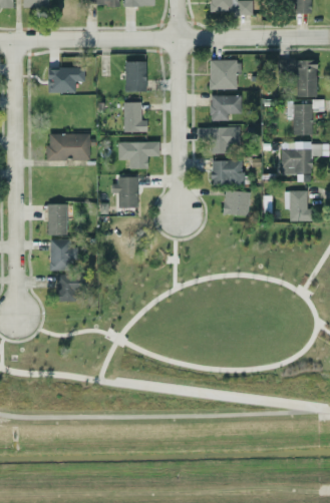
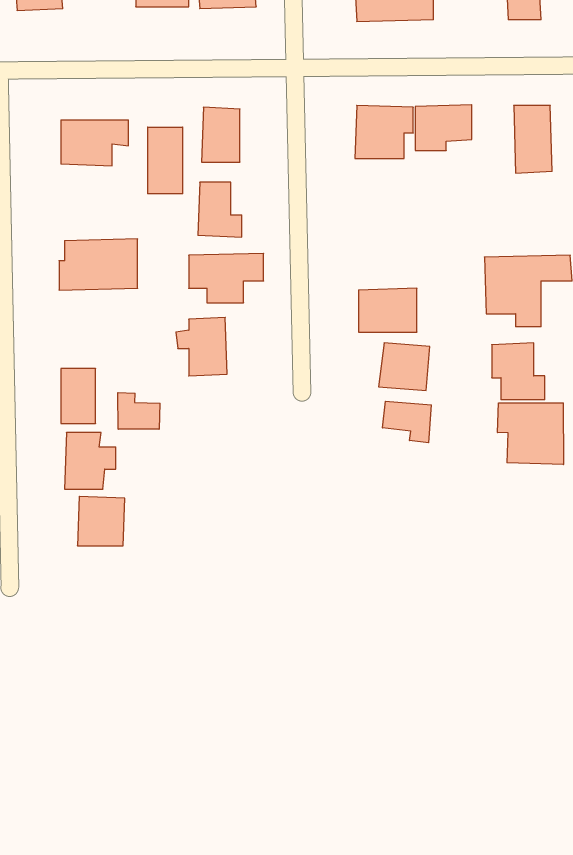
building: none -> [148,127,183,194]
building: [211,95,242,120] -> [415,105,472,150]
building: [294,104,312,135] -> none
building: [199,127,238,153] -> none
building: none -> [118,393,160,429]
building: none -> [383,401,431,443]
building: none -> [498,403,563,465]

